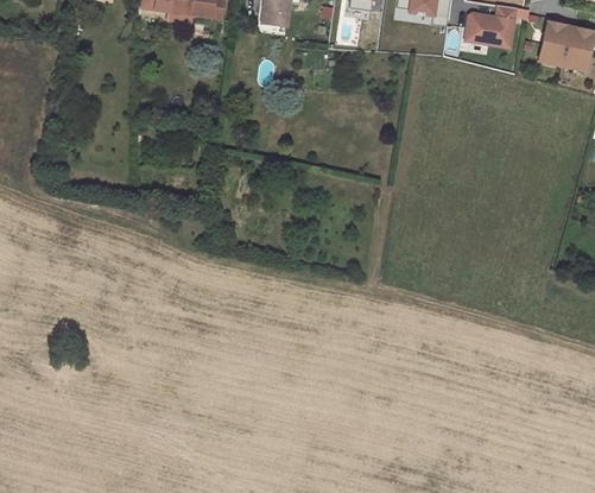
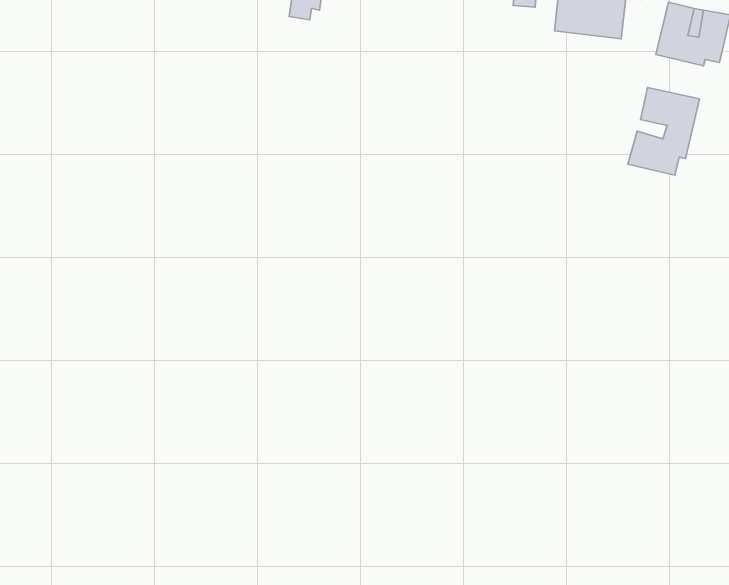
building: none -> [628,87,699,175]

